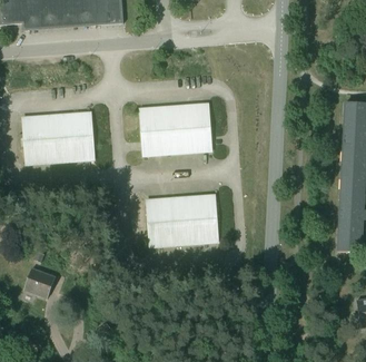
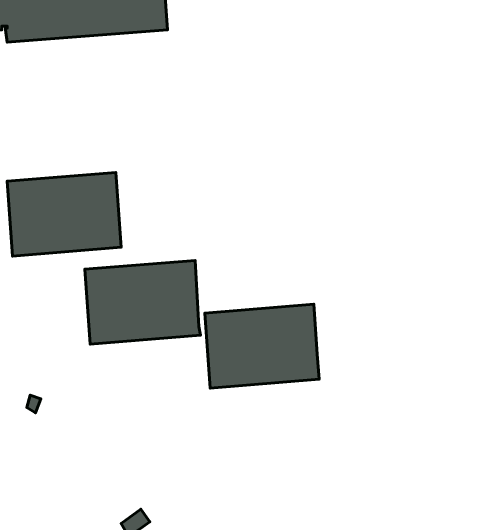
building: [139,102,211,155] -> [85,260,201,344]
building: [23,266,56,296] -> none

